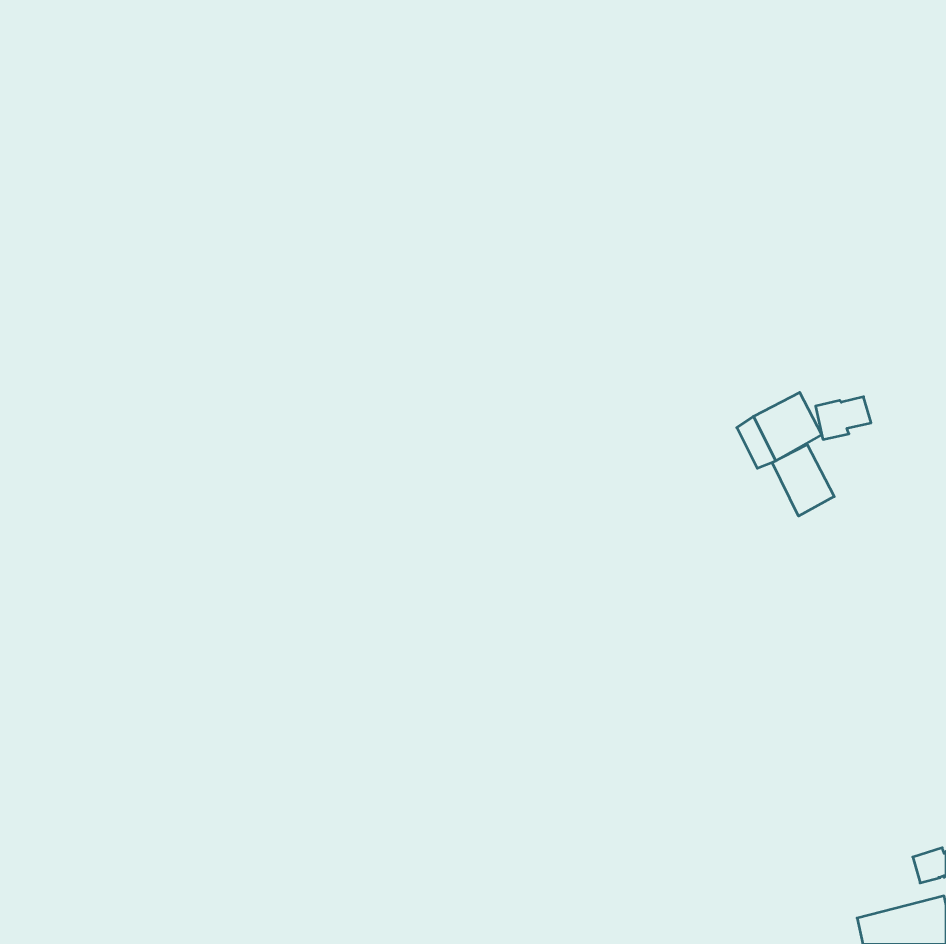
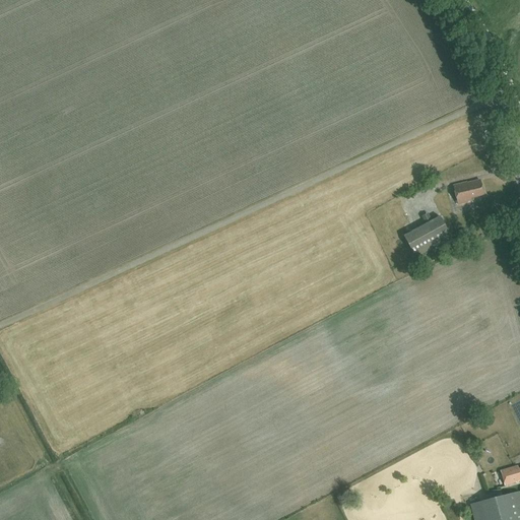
building: [816,397,871,439] -> [454,180,484,203]
building: [772,445,834,516] -> none

